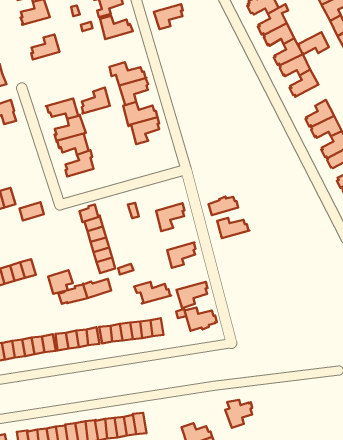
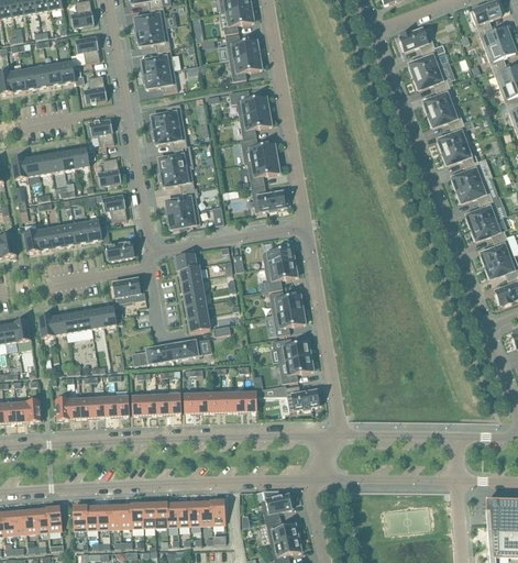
building: [154,4,183,29] -> [228,54,262,80]
building: none -> [133,26,169,49]
building: [298,32,329,54] -> [441,141,476,165]
building: none -> [141,68,177,92]
building: [82,87,110,114] -> [150,102,183,130]
building: none -> [97,157,120,185]
building: none -> [250,184,286,211]
building: none -> [101,194,126,221]
building: none -> [165,209,199,229]
building: [209,197,238,215] -> [262,246,296,266]
building: [217,218,249,238] -> [268,290,305,313]
building: [48,270,73,294] -> [112,277,140,302]
building: [134,282,171,304] -> [271,336,312,361]
building: [225,400,252,428] -> [260,489,291,521]

